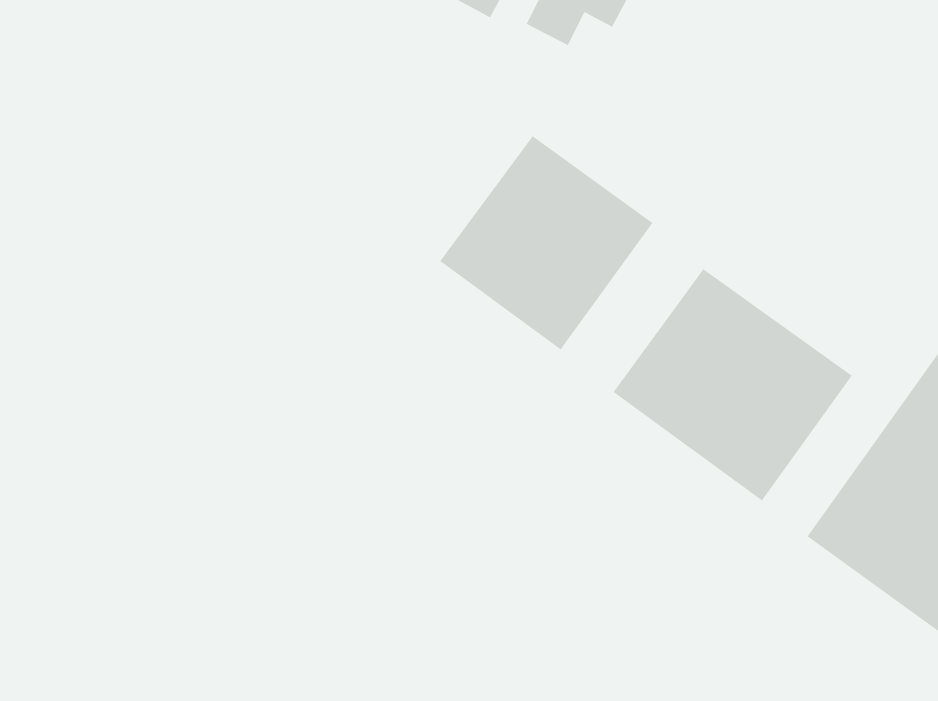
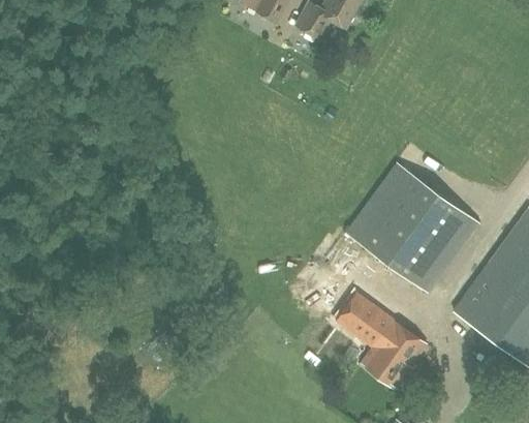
building: [439,135,654,351] -> none
building: none -> [335,293,426,390]

